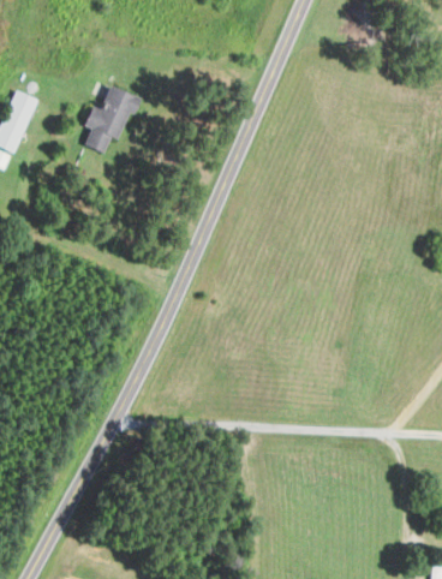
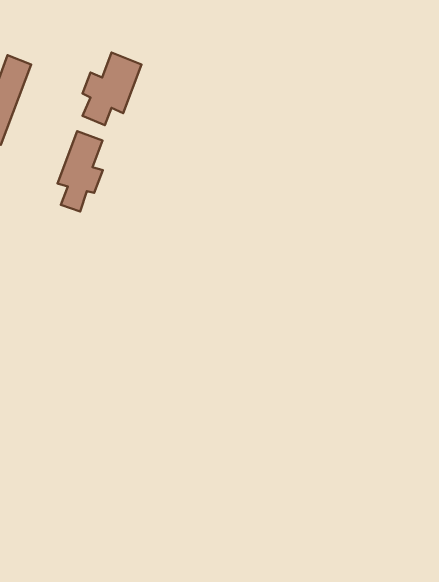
building: none -> [57,131,103,211]

